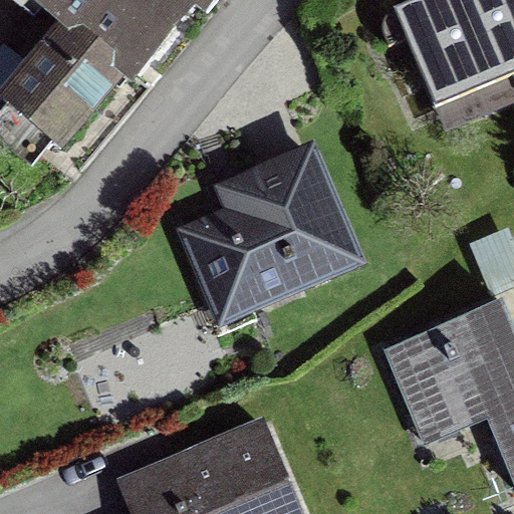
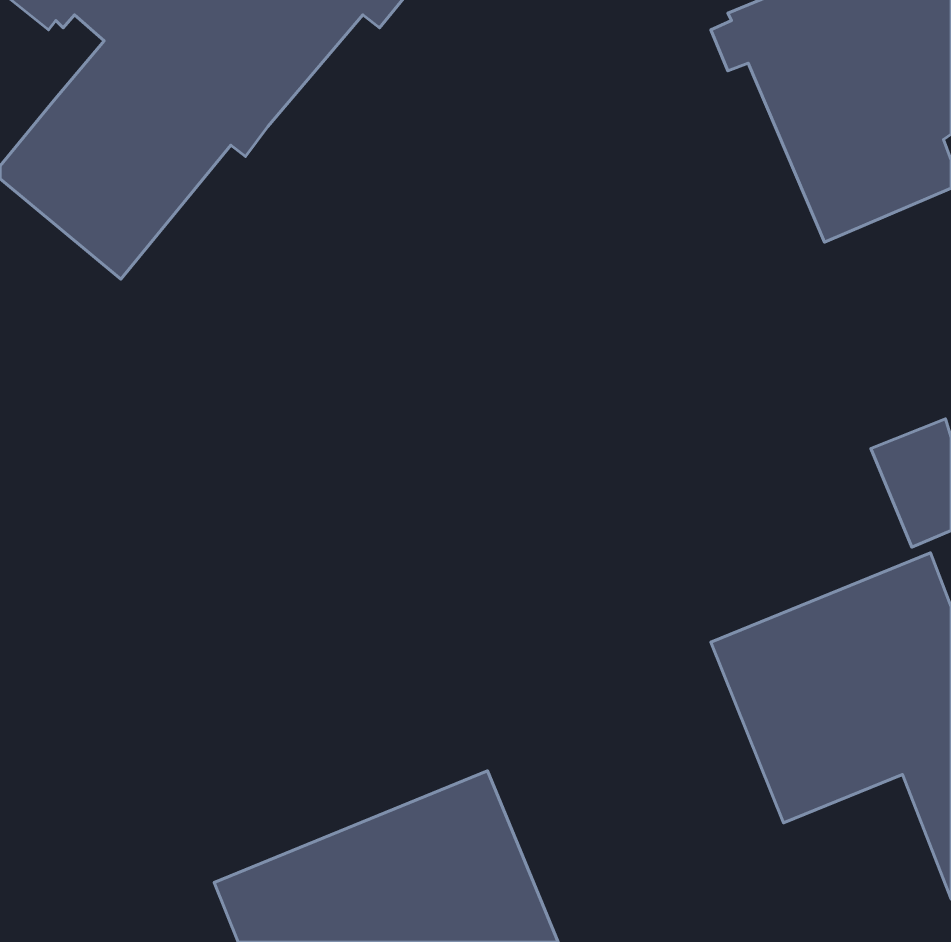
building: [177,141,367,328] -> none

